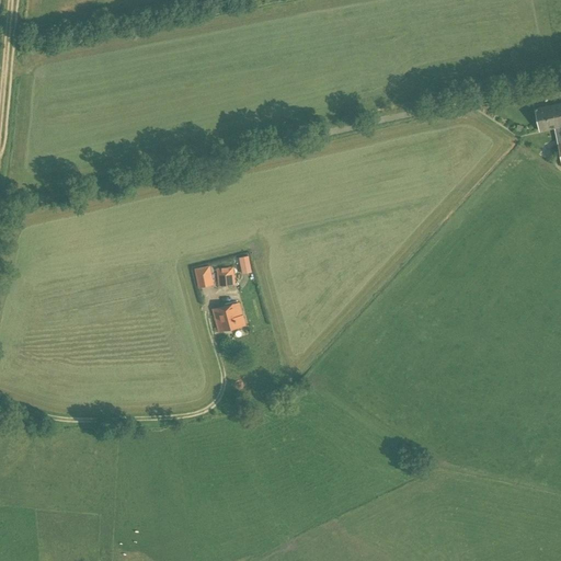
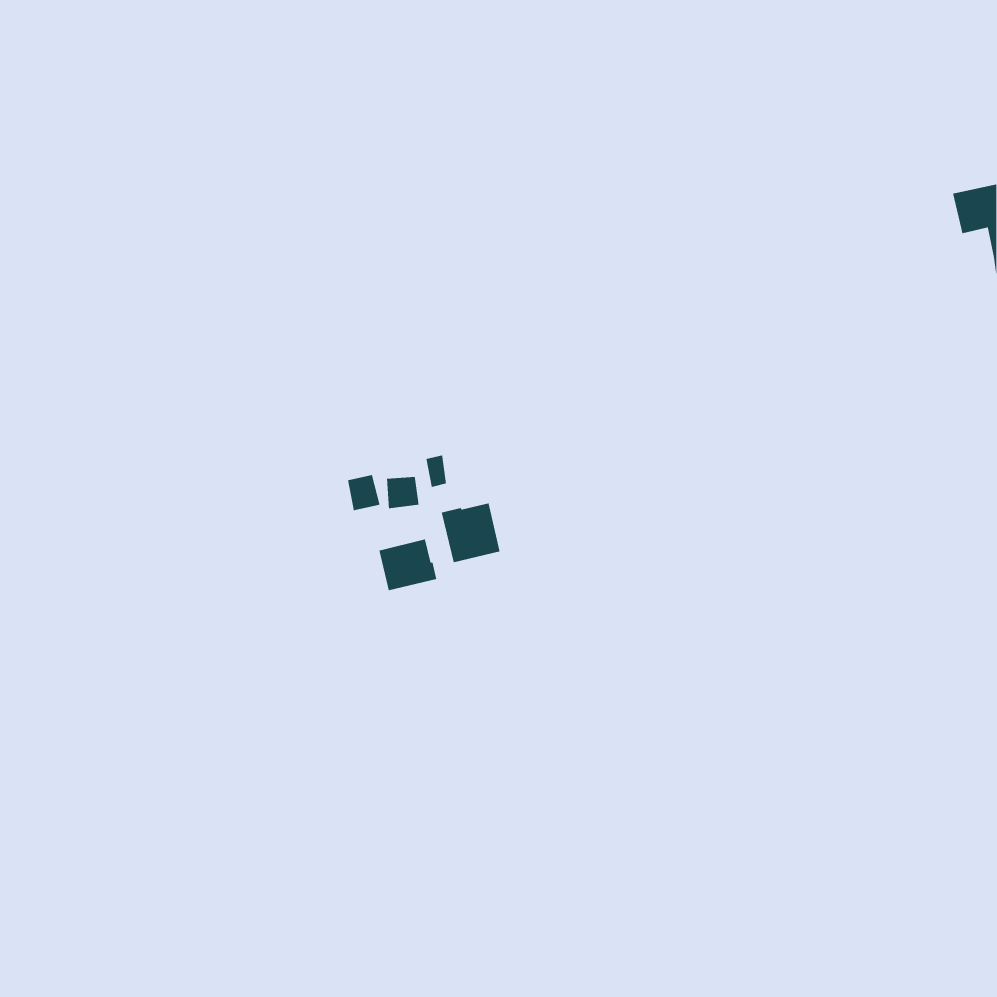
building: none -> [441,503,501,563]

